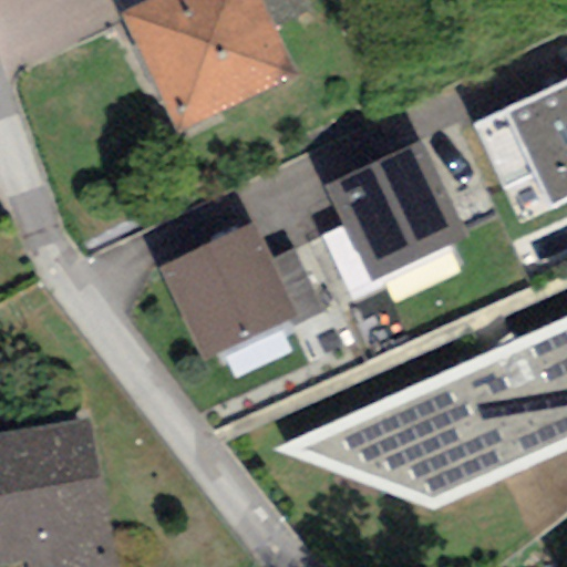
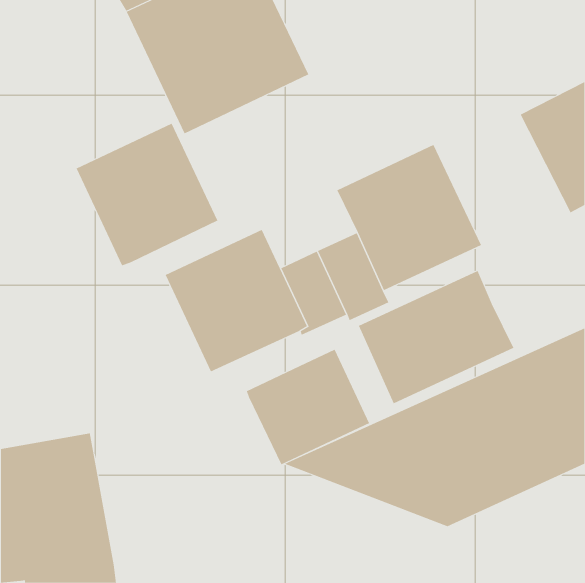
building: none -> [76,123,218,266]
building: none -> [358,270,514,404]
building: none -> [246,349,370,465]

